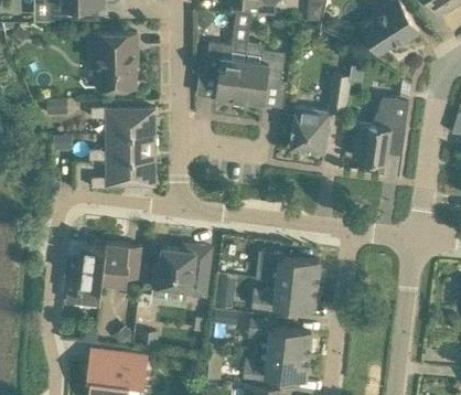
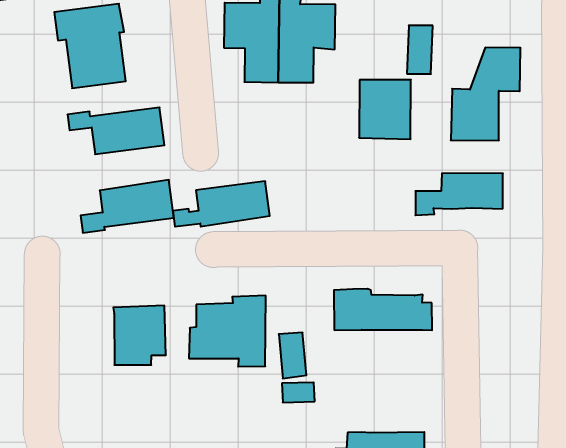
building: [89,136,156,161] -> [173,181,270,227]
building: [64,244,106,305] -> none
building: [253,280,317,310] -> [415,173,503,215]
building: [249,319,315,356] -> none

